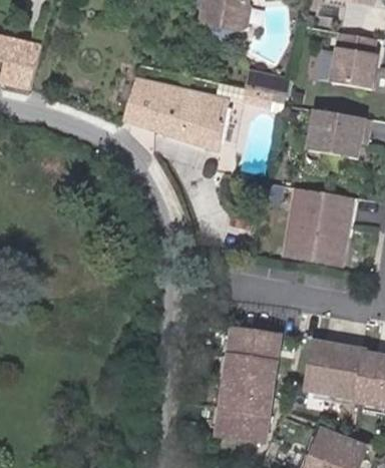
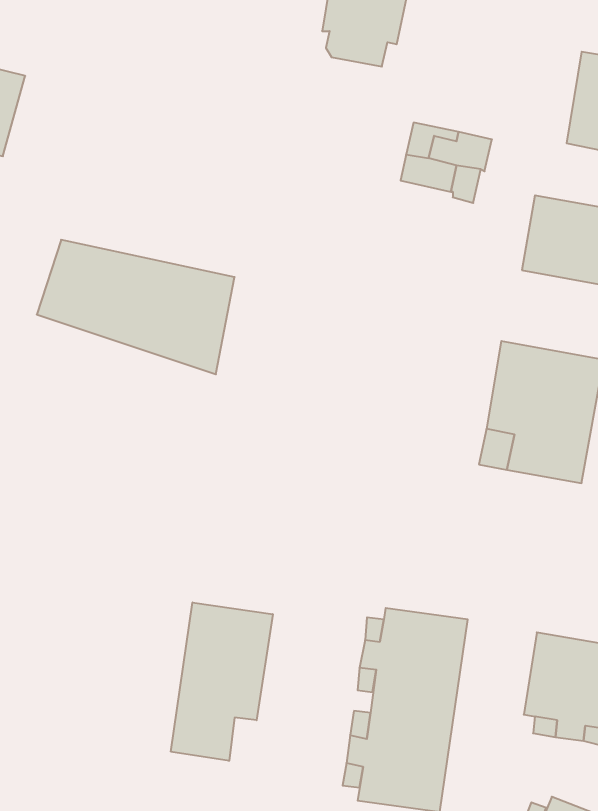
building: [123,78,230,150] -> [37,240,235,374]
building: none -> [171,602,273,761]

